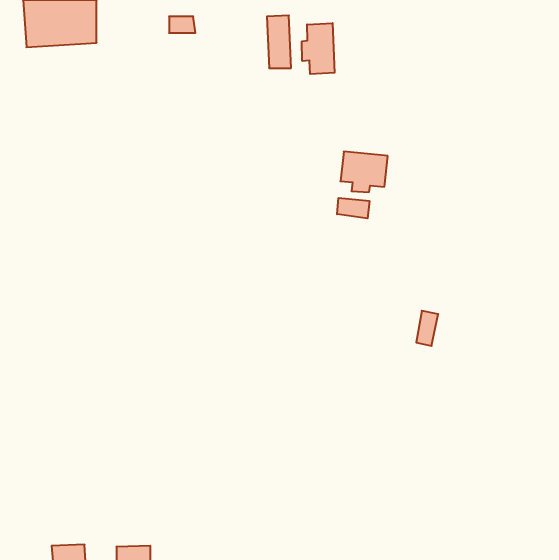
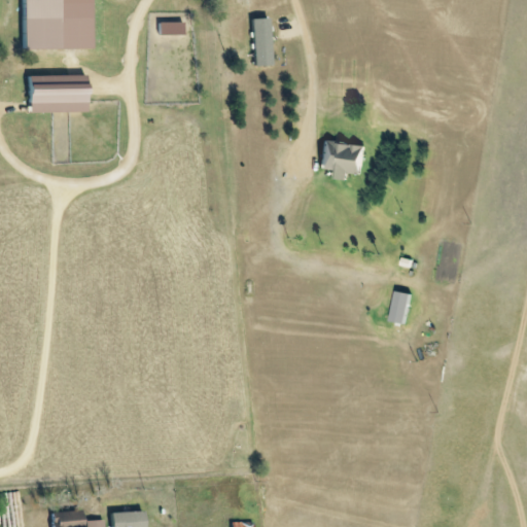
building: [302,23,335,74] -> none
building: none -> [28,71,87,108]
building: [337,198,369,218] -> none

